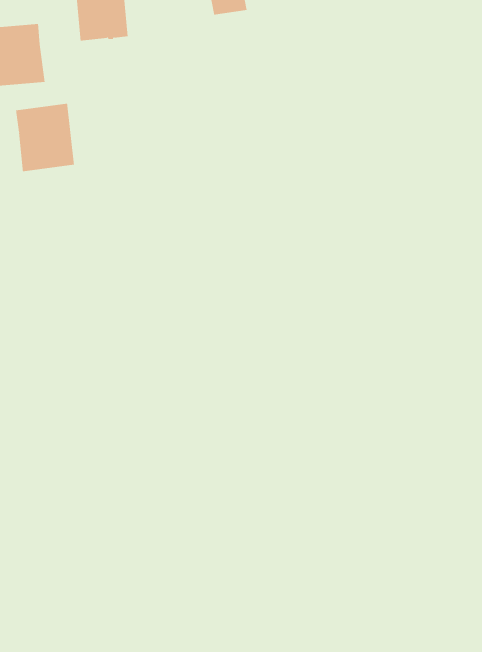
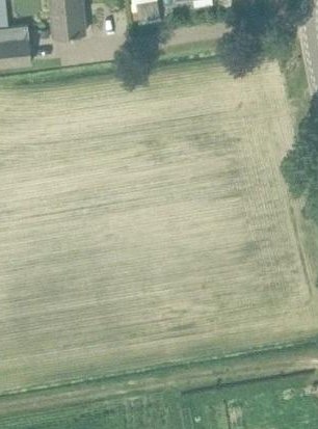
building: [15,103,75,172] -> none

